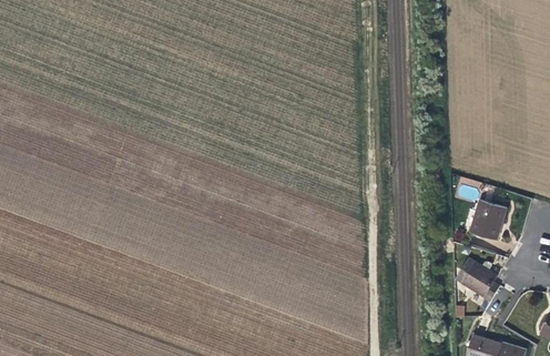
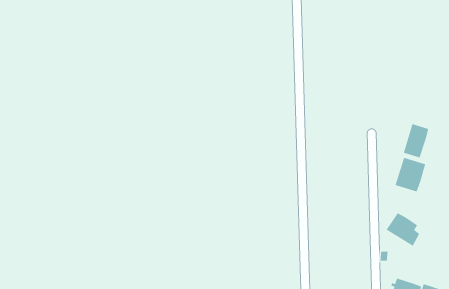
building: none -> [403,123,429,158]

